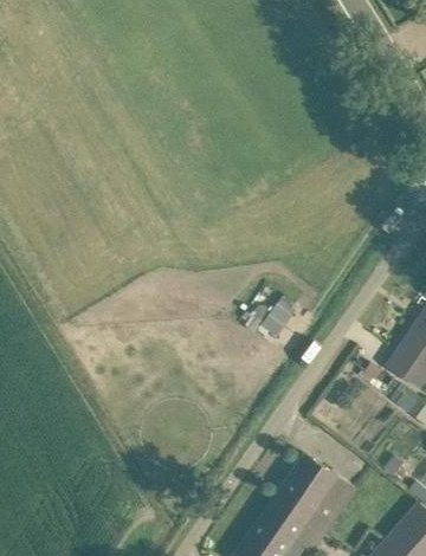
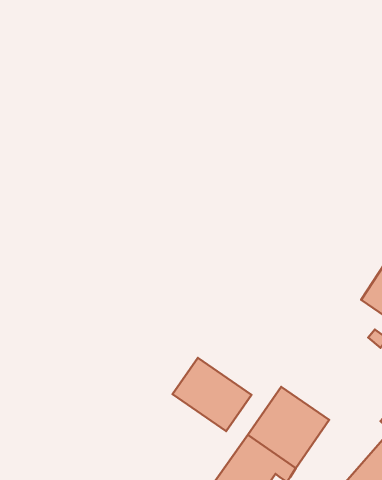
building: [256,295,297,340] -> none
building: none -> [173,358,251,431]

